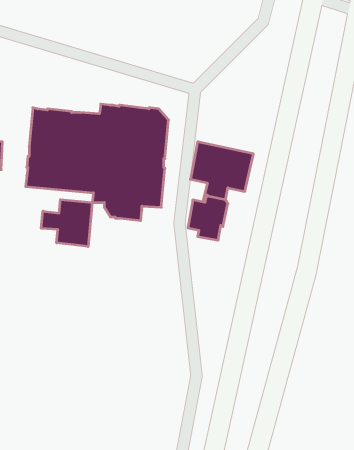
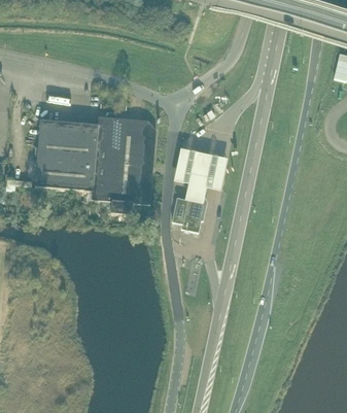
building: [41,200,92,247] -> none

